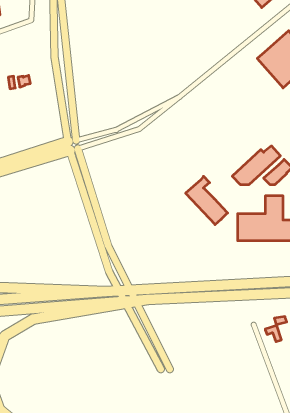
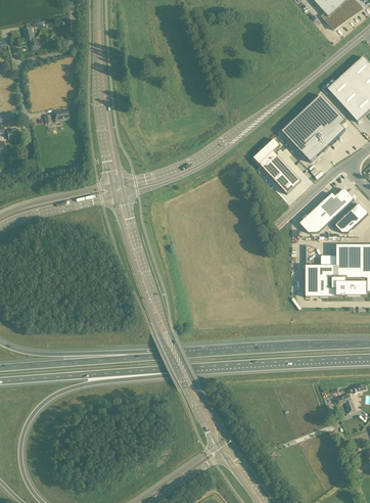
building: none -> [281,93,344,161]
building: [186,176,228,225] -> [252,137,300,192]

